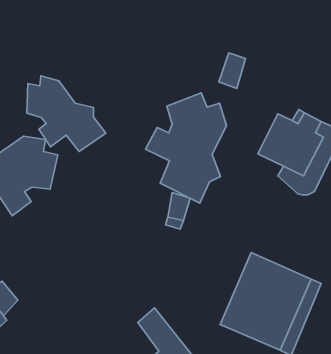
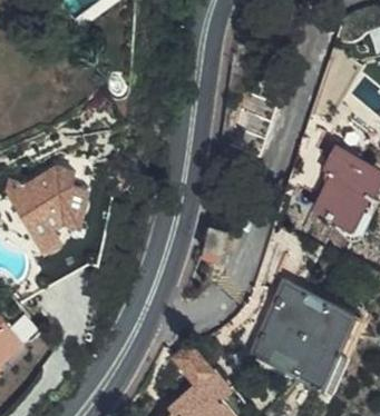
building: [27,76,106,152] -> none
building: [145,93,226,203] -> none

